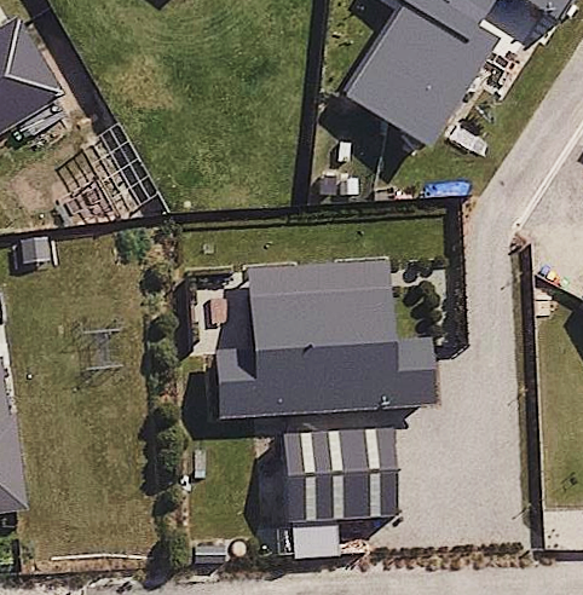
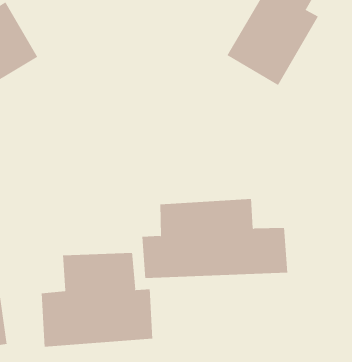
building: none -> [41,252,153,348]
building: [285,428,402,525] -> none

